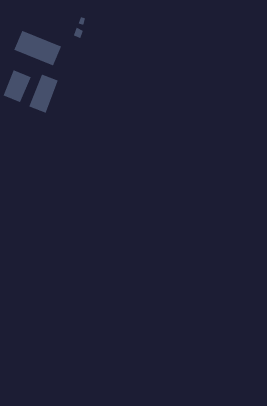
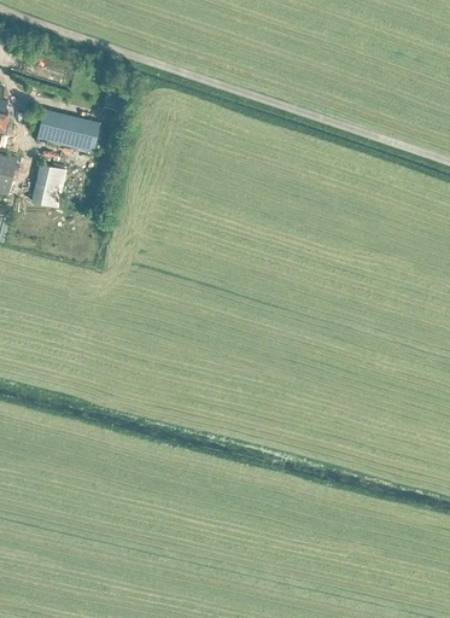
building: [28,73,59,114] -> none

